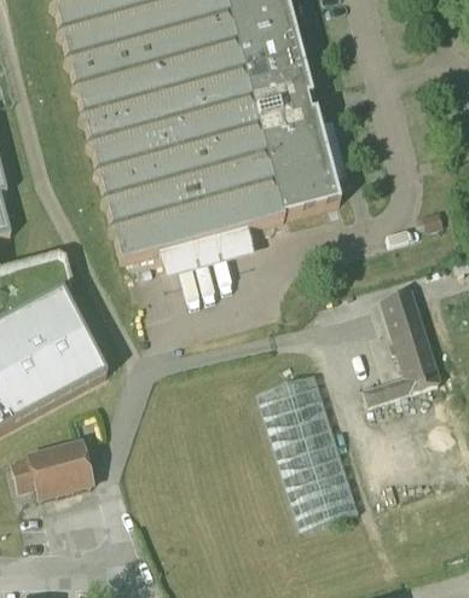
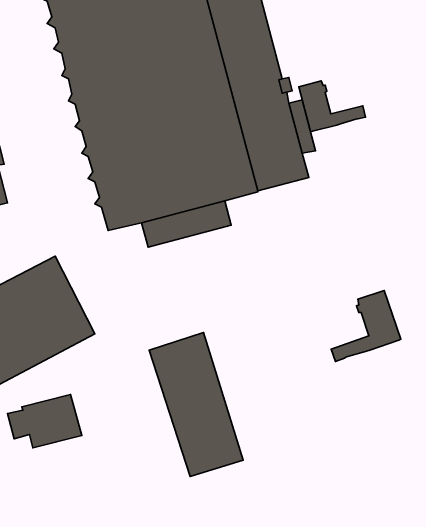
building: none -> [299,81,366,132]
building: [380,286,422,333] -> none
building: [255,370,358,527] -> [149,333,243,477]

